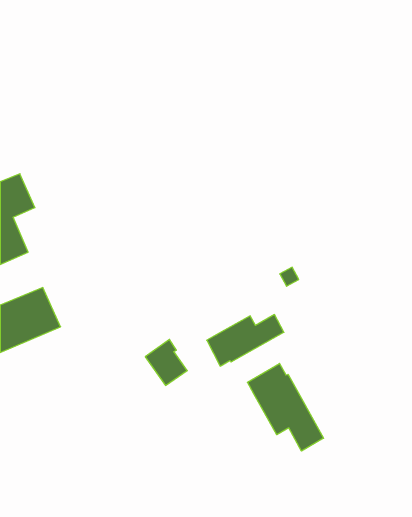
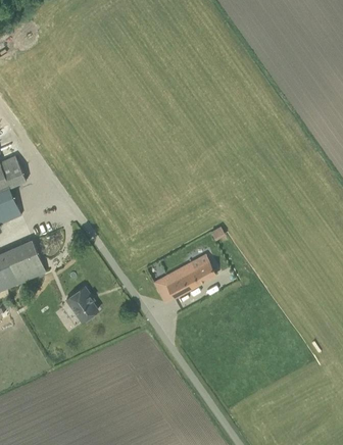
building: [145,339,187,385] -> [66,286,98,320]
building: [247,363,324,451] -> none

